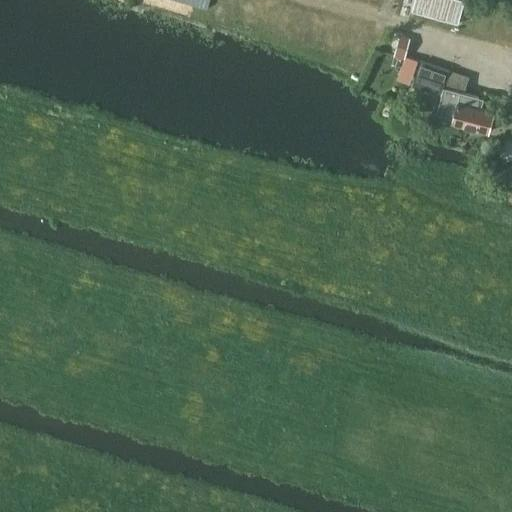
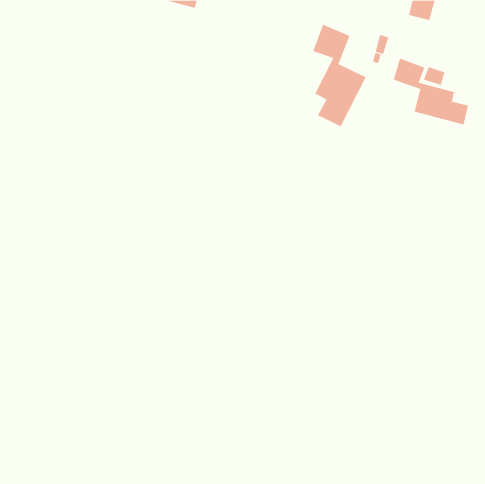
building: none -> [312,24,366,127]

